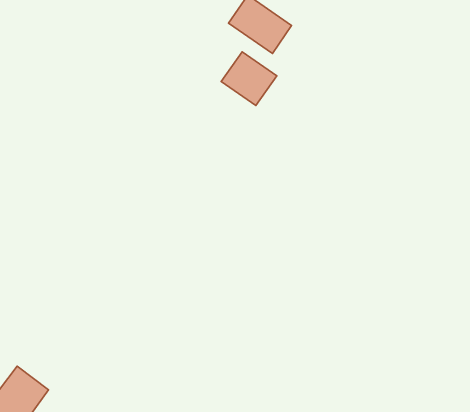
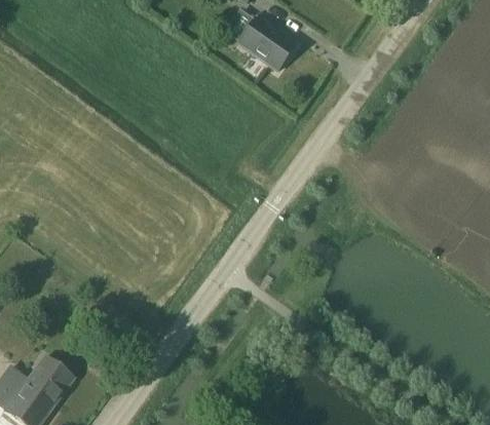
building: [221,52,277,106] -> none

